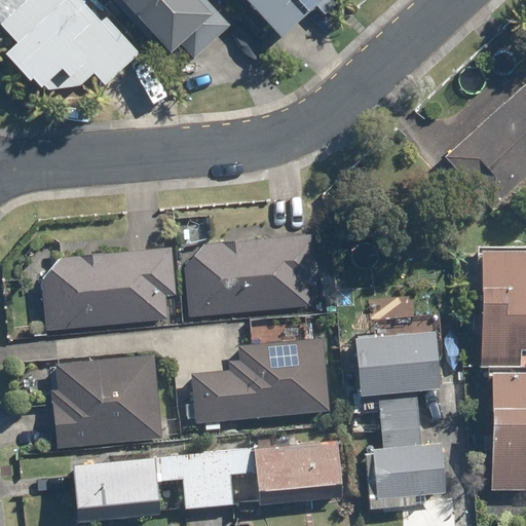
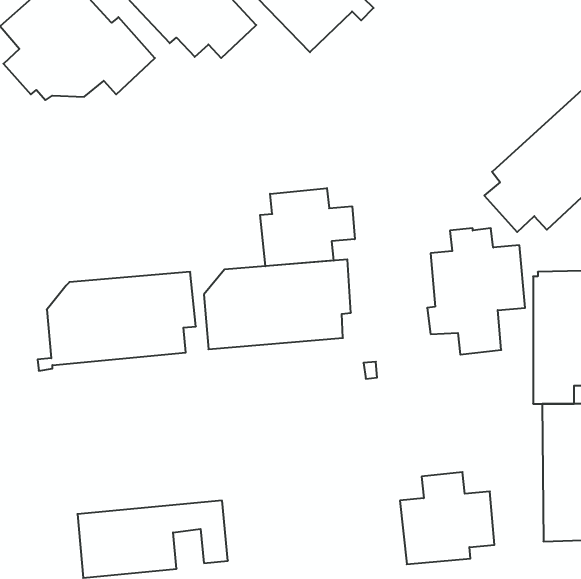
building: none -> [260,188,355,266]
building: [351,316,440,430] -> [427,228,525,355]
building: [189,331,329,428] -> none
building: [51,353,163,448] -> none
building: [201,440,340,506] -> none

